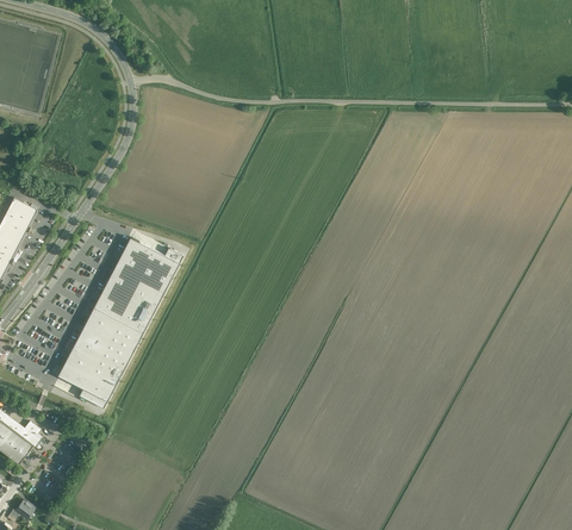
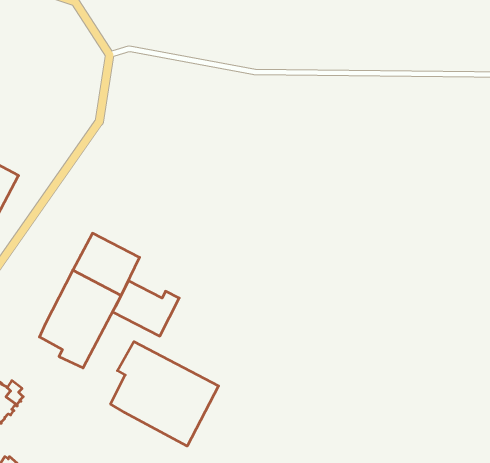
building: [111,237,180,294] -> [112,281,179,336]
building: none -> [111,342,219,446]

